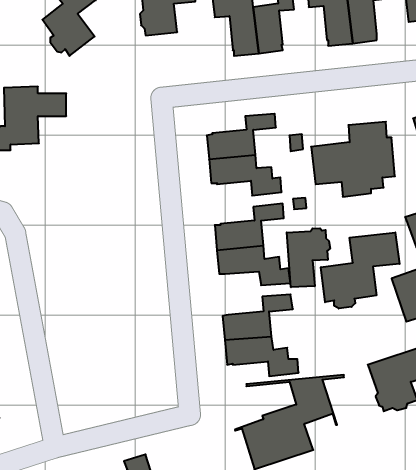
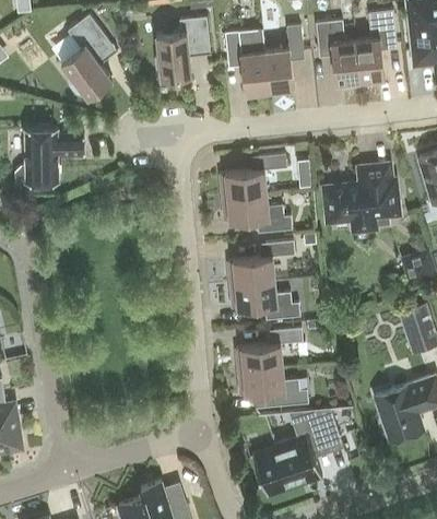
building: [287,228,330,287] -> none
building: [321,232,400,309] -> none

